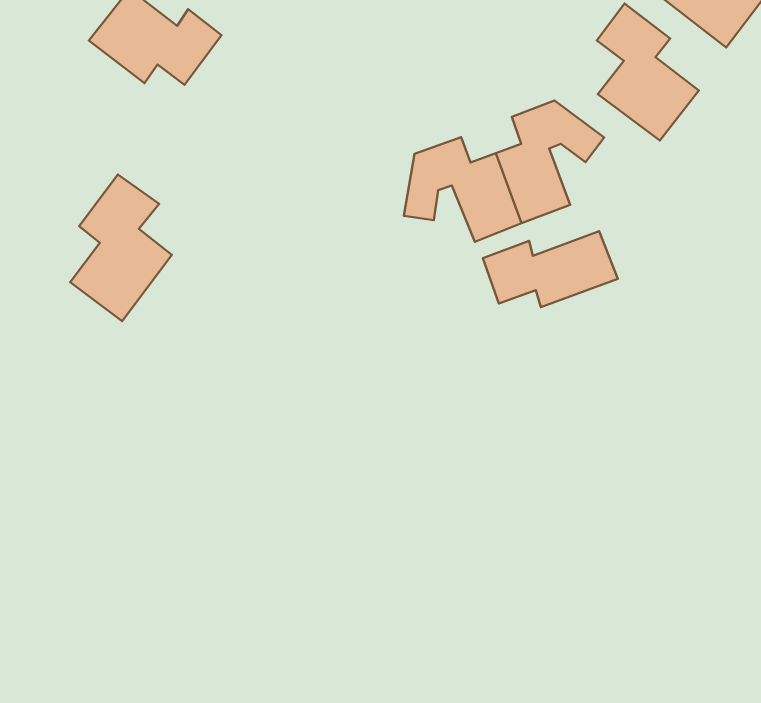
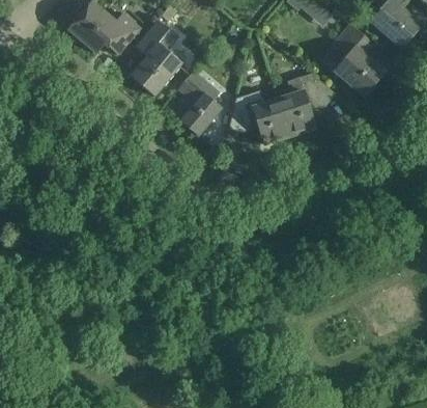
building: none -> [174,70,224,136]
building: [70,174,172,321] -> [131,20,184,97]
building: [483,231,618,307] -> none

